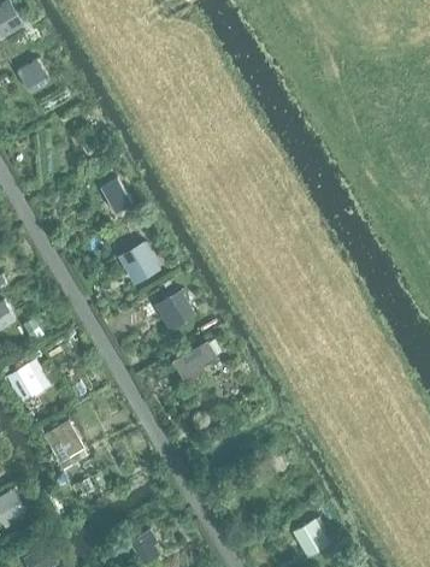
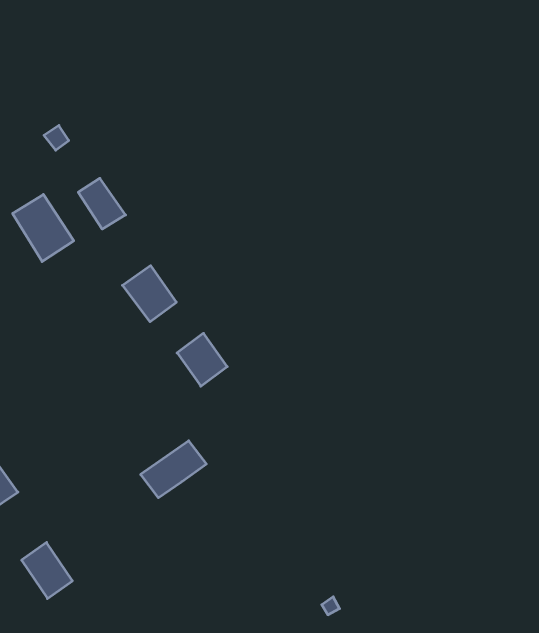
building: none -> [13,194,74,262]
building: [172,339,218,377] -> [141,441,206,498]

